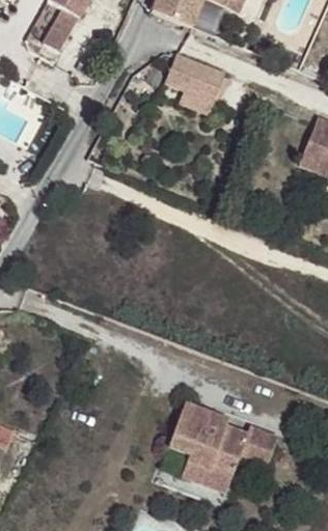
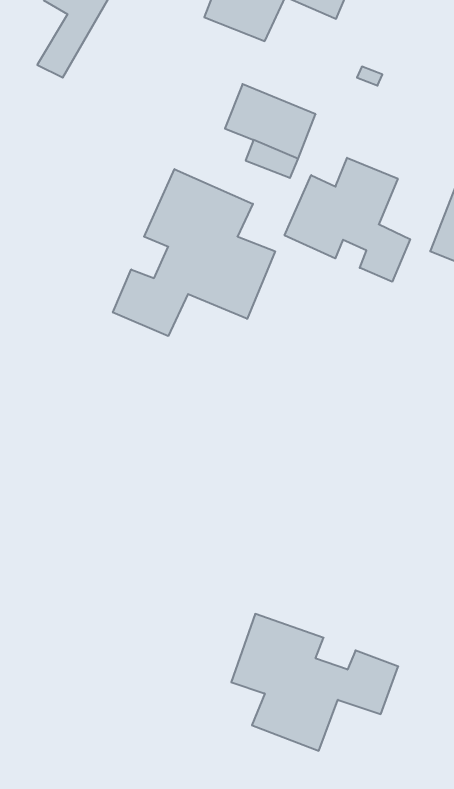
building: none -> [285,158,410,282]
building: none -> [113,169,275,336]

